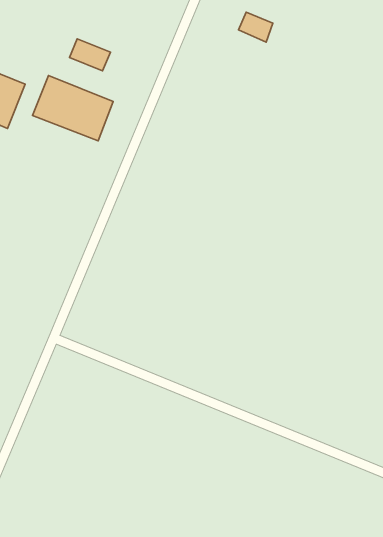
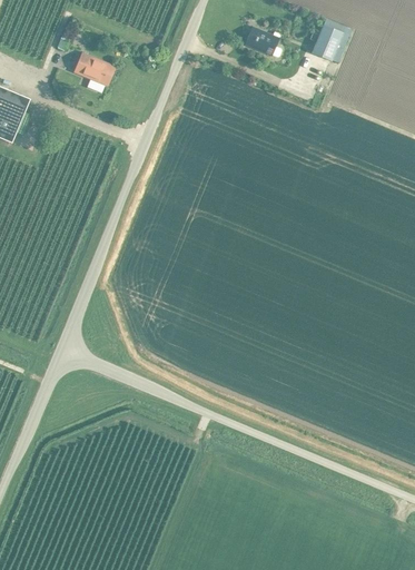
building: none -> [310,23,343,60]
building: [33,76,113,141] -> none

